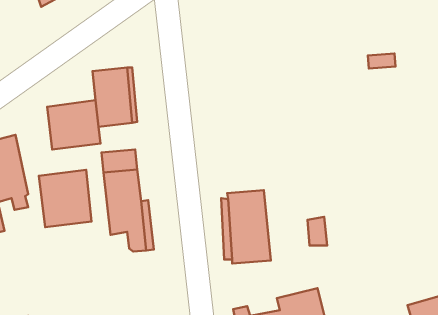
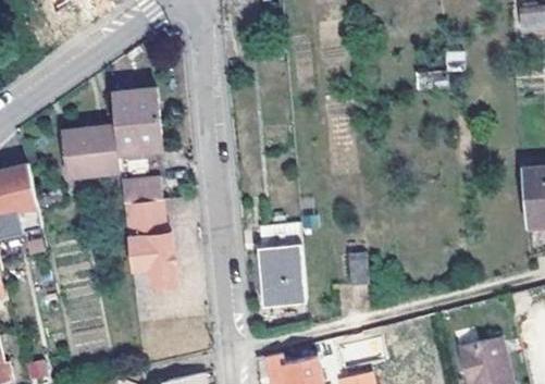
building: [39,170,91,227] -> none

